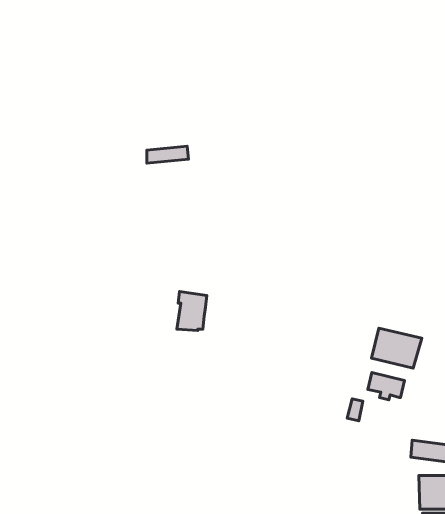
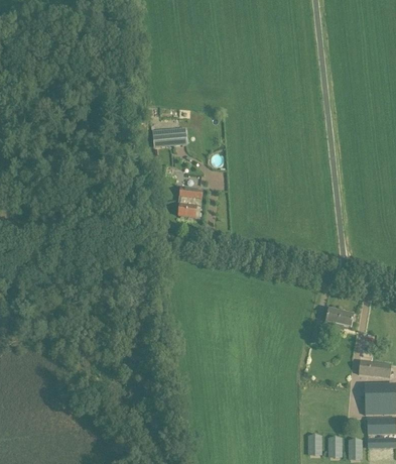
building: [177,292,207,331] -> [177,186,201,216]
building: [372,328,422,368] -> none

